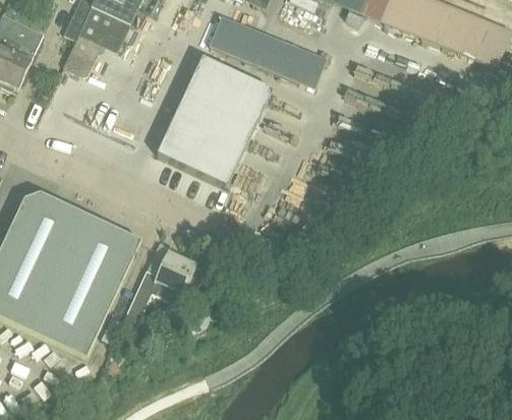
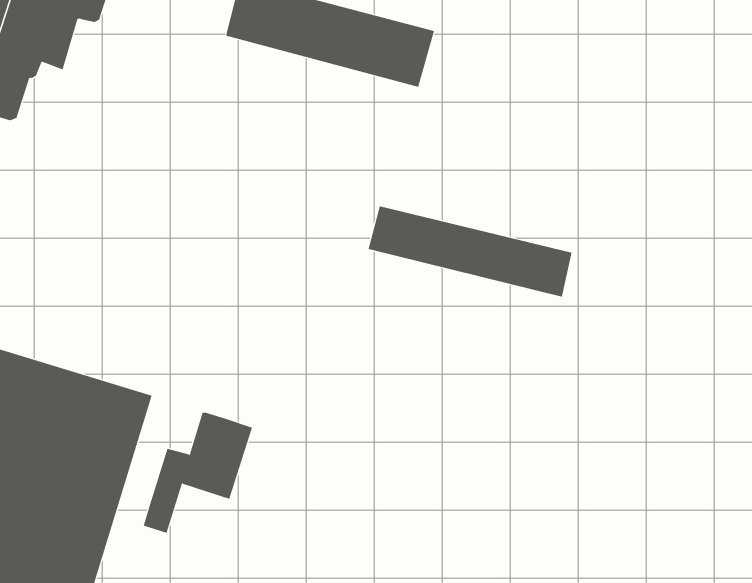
building: [161,55,272,184] -> none
building: none -> [368,205,572,297]

